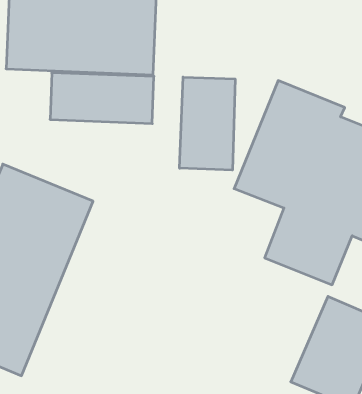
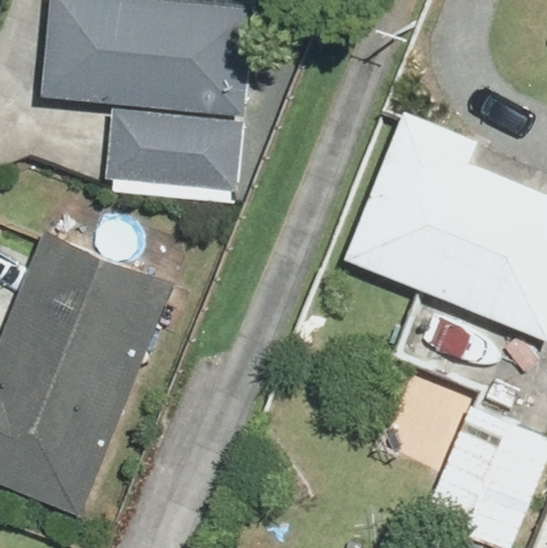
building: [180,77,235,170] -> none

